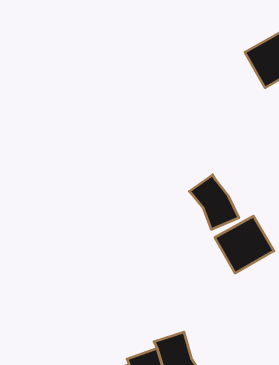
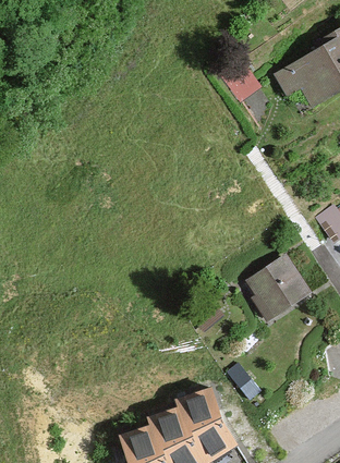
building: [189,175,239,229] -> none

